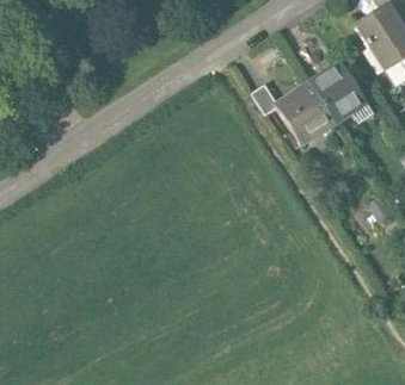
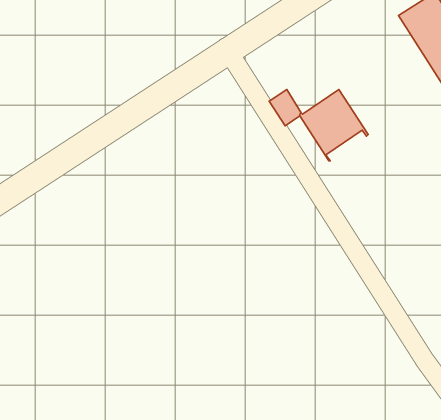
building: [307,62,364,120] -> none

